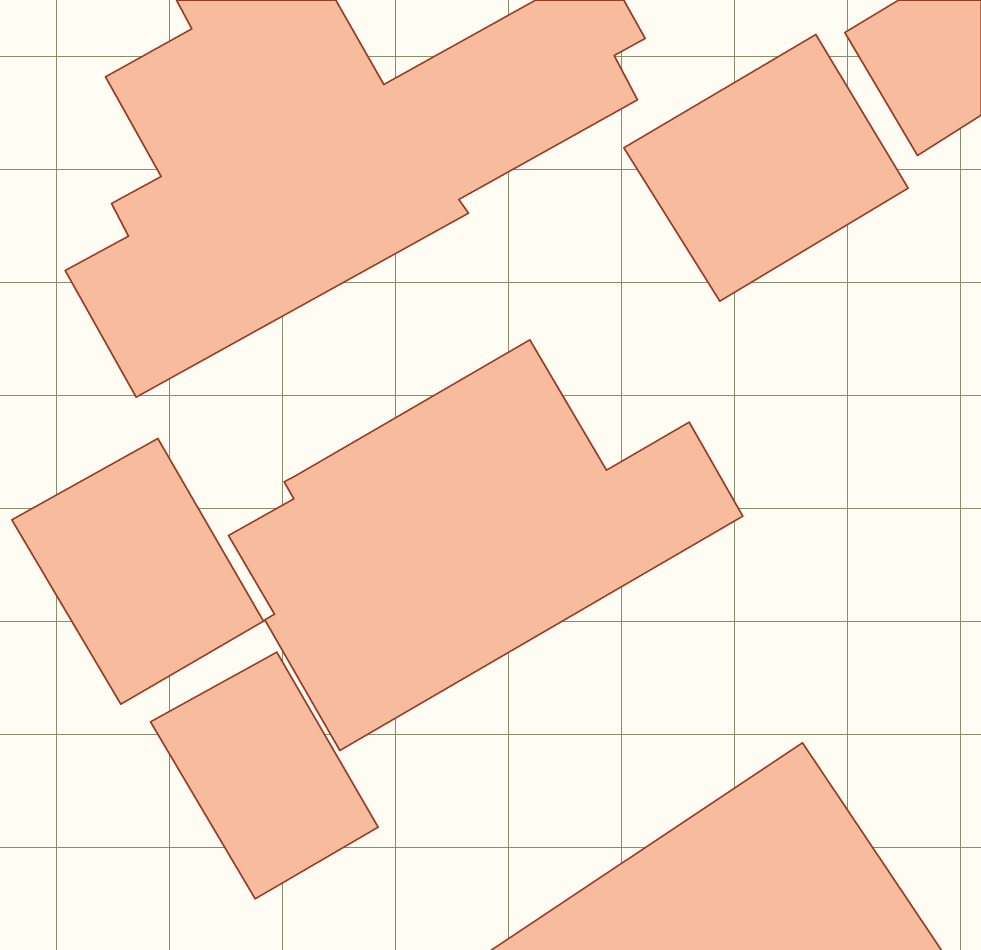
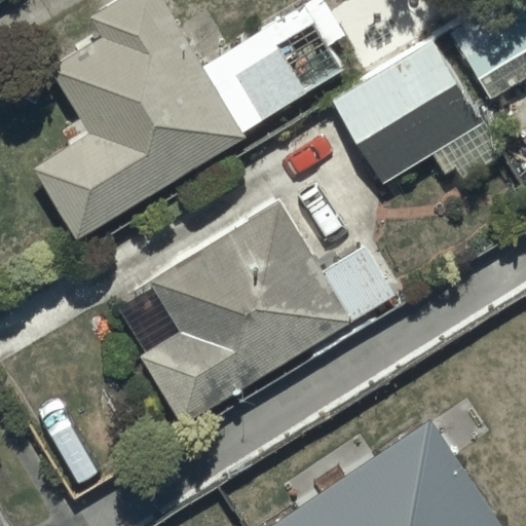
building: [12,439,264,704] -> none
building: [151,652,378,899] -> none

